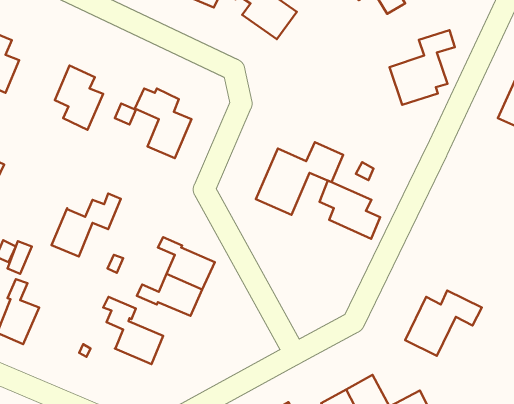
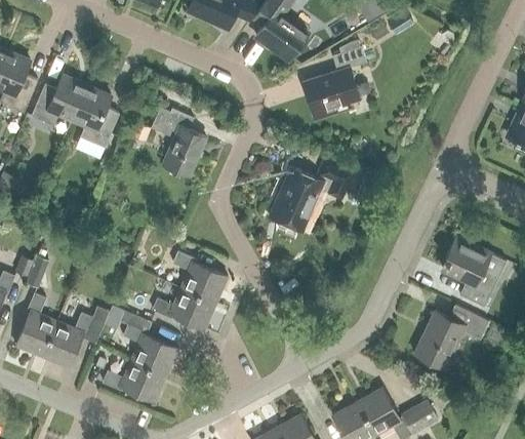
building: [390,30,455,105] -> [302,46,366,119]
building: none -> [31,75,86,125]
building: [320,181,380,239] -> none
building: [51,194,121,257] -> [41,307,109,368]
building: none -> [442,238,506,307]
building: none -> [103,361,166,402]

